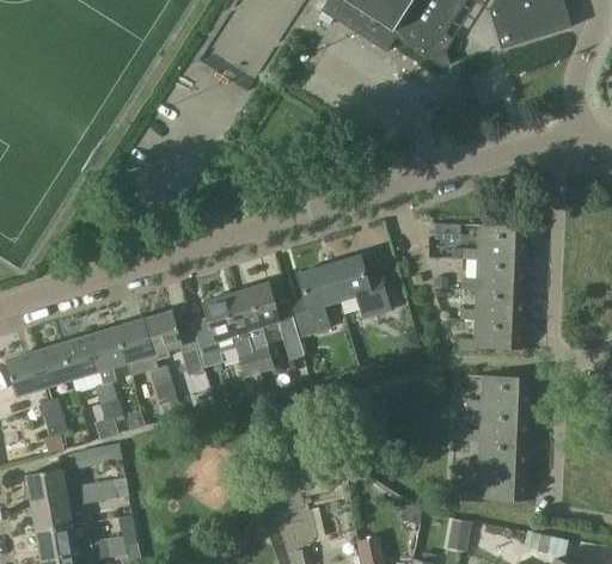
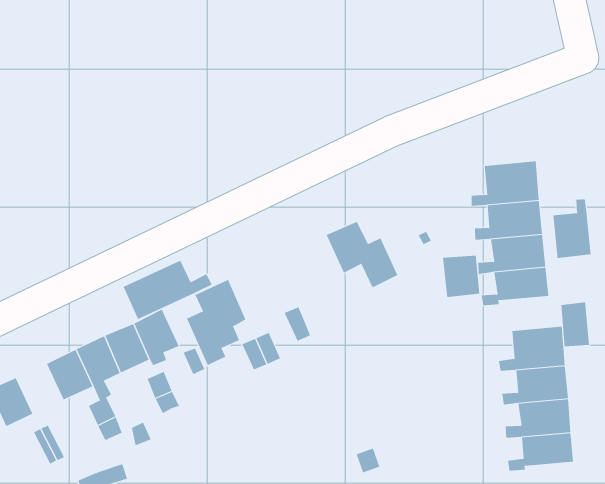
building: none -> [553,199,591,259]
building: [289,264,338,333] -> none
building: none -> [123,260,213,320]
building: [234,282,277,330] -> none
building: none -> [443,255,480,298]
building: [31,344,71,387] -> none
building: none -> [561,302,590,347]

